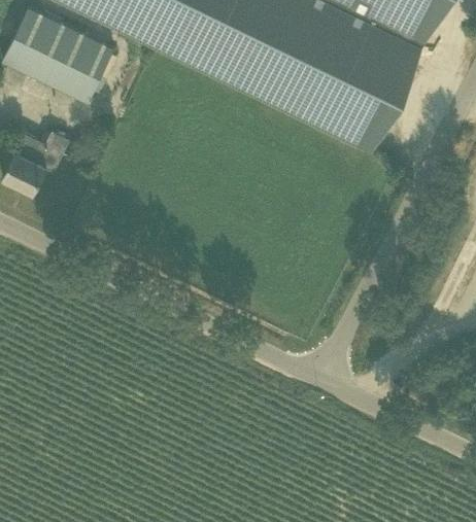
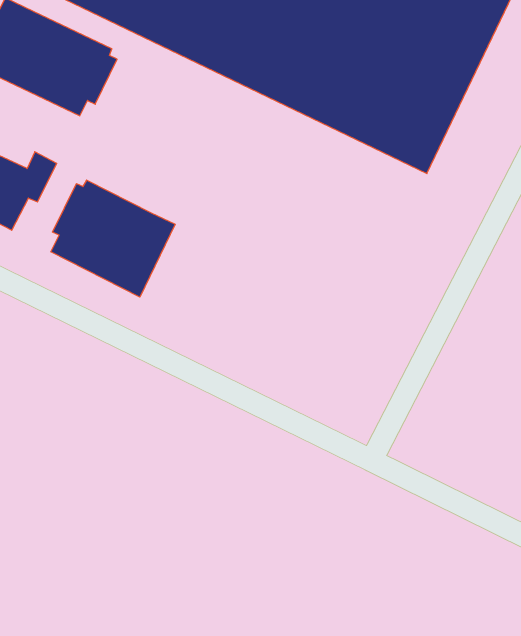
building: none -> [51,180,175,297]

